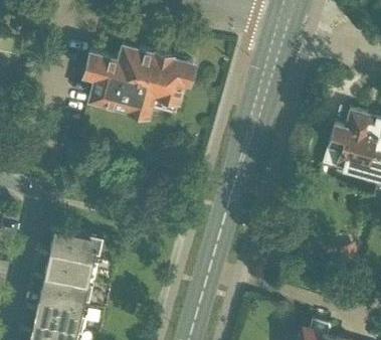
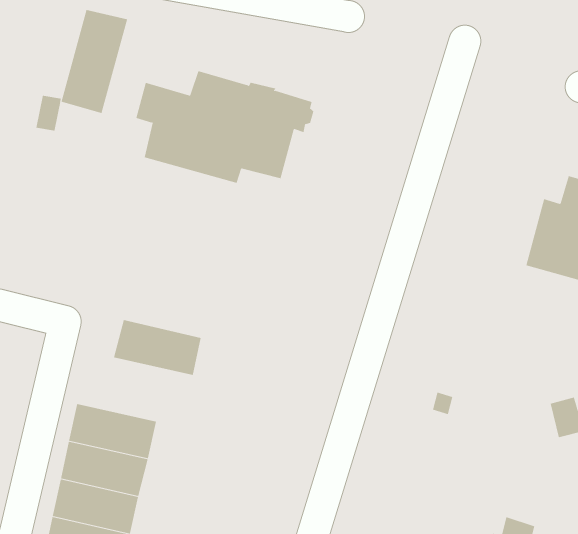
building: none -> [61,9,128,114]
building: [48,227,103,262] -> [113,320,202,375]

